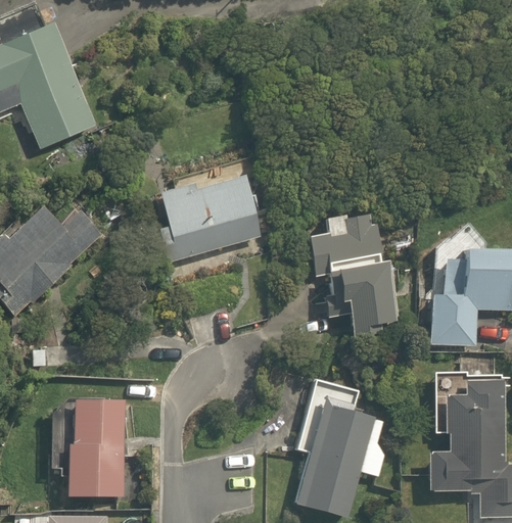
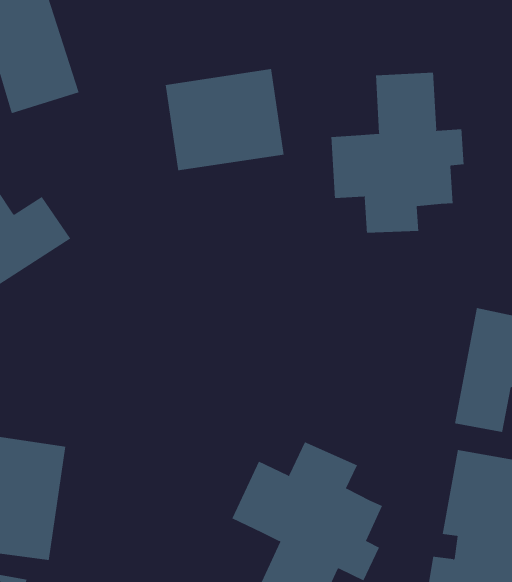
building: none -> [331,72,464,233]
building: [156,174,260,266] -> [165,69,285,171]
building: [306,201,402,337] -> none

